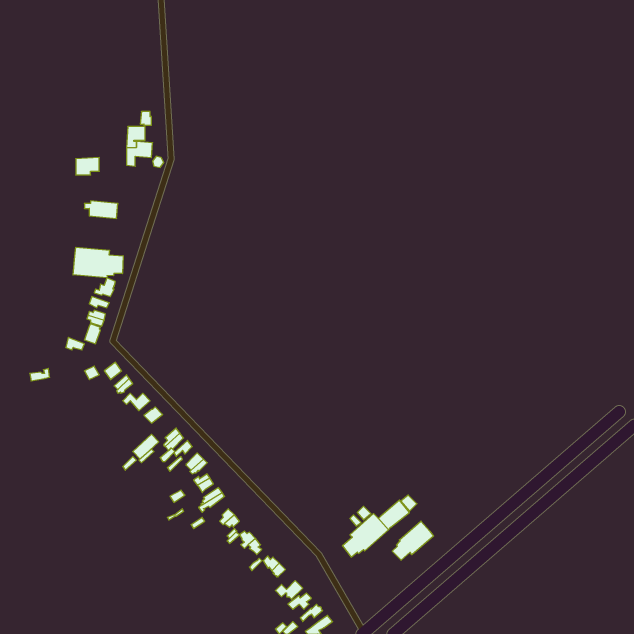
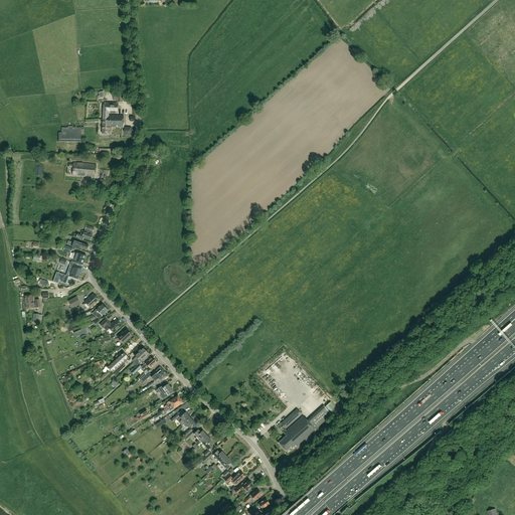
building: [73,247,123,278] -> none
building: [392,521,434,560] -> none

